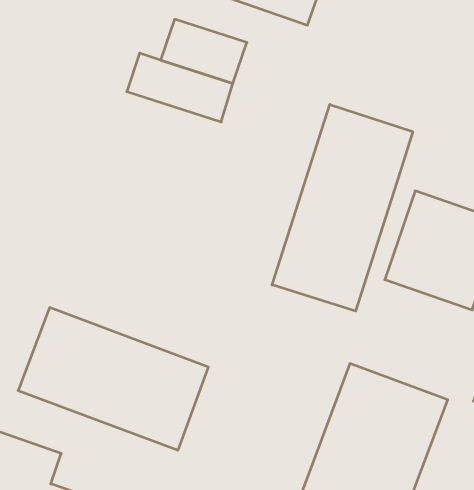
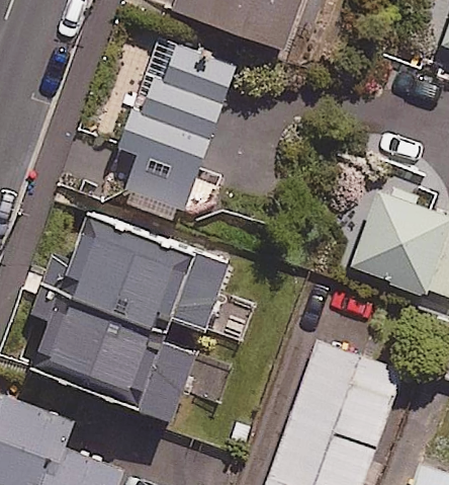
building: none -> [113,106,207,210]
building: [272,104,413,311] -> none
building: none -> [59,215,227,333]

